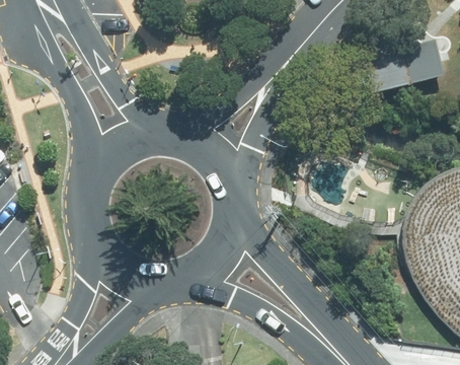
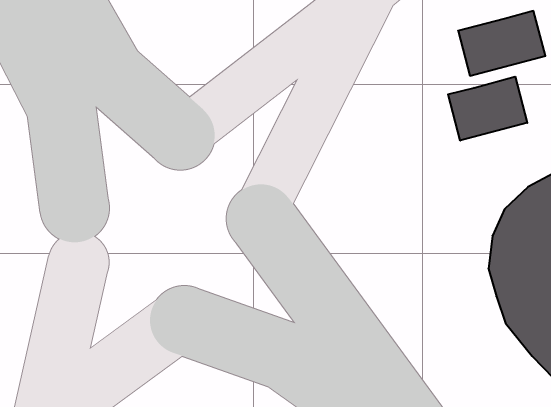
building: none -> [448,77,527,141]

